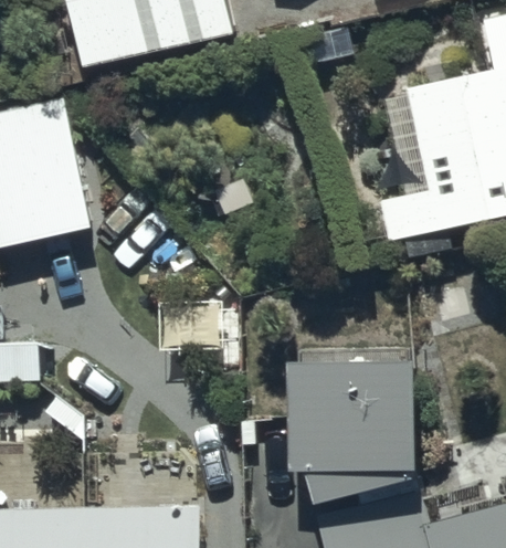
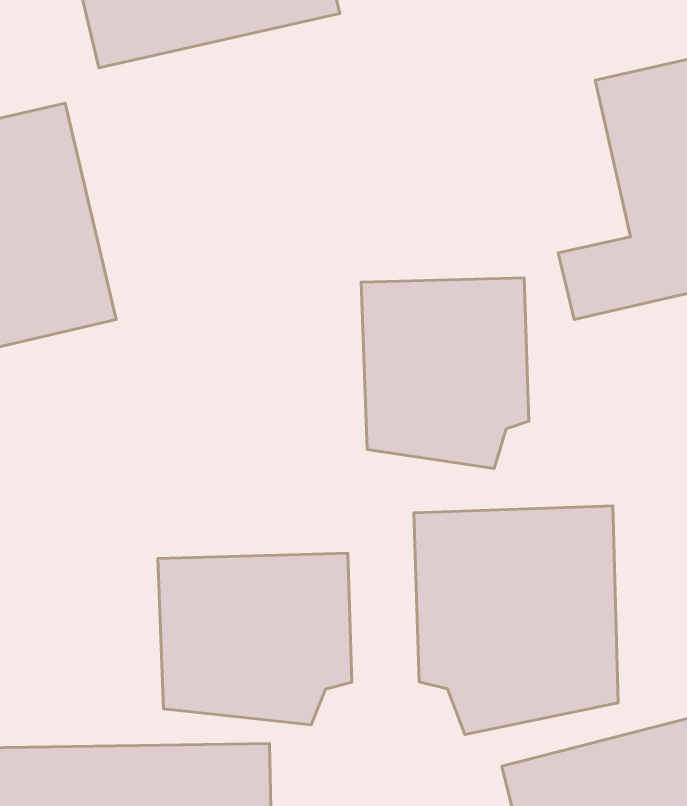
building: none -> [361,278,529,468]
building: none -> [158,553,352,725]

